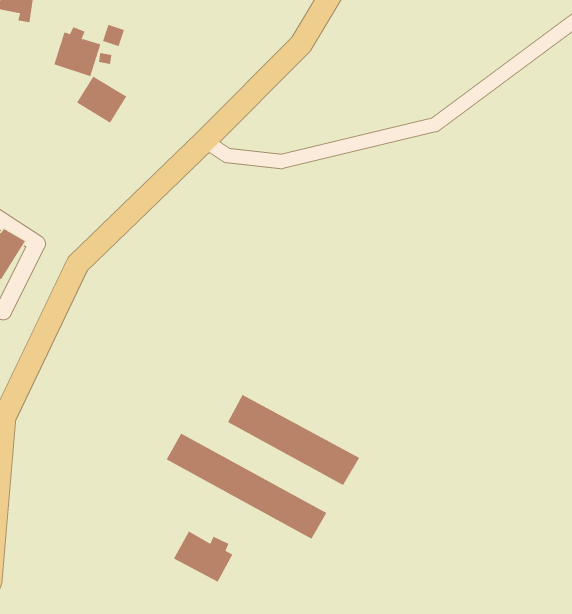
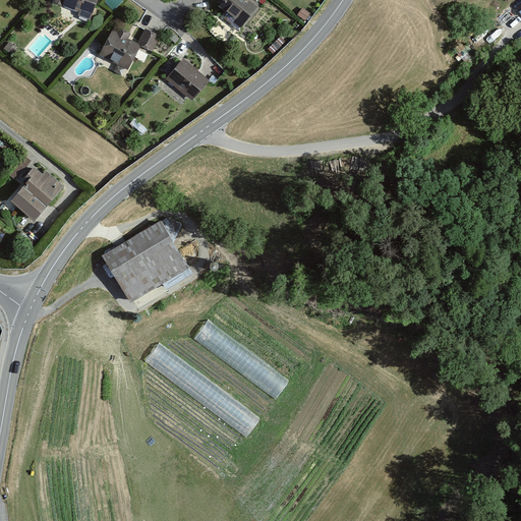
building: [76,76,127,124] -> [168,59,207,97]
building: none -> [105,223,188,299]
building: [173,531,233,582] -> none

